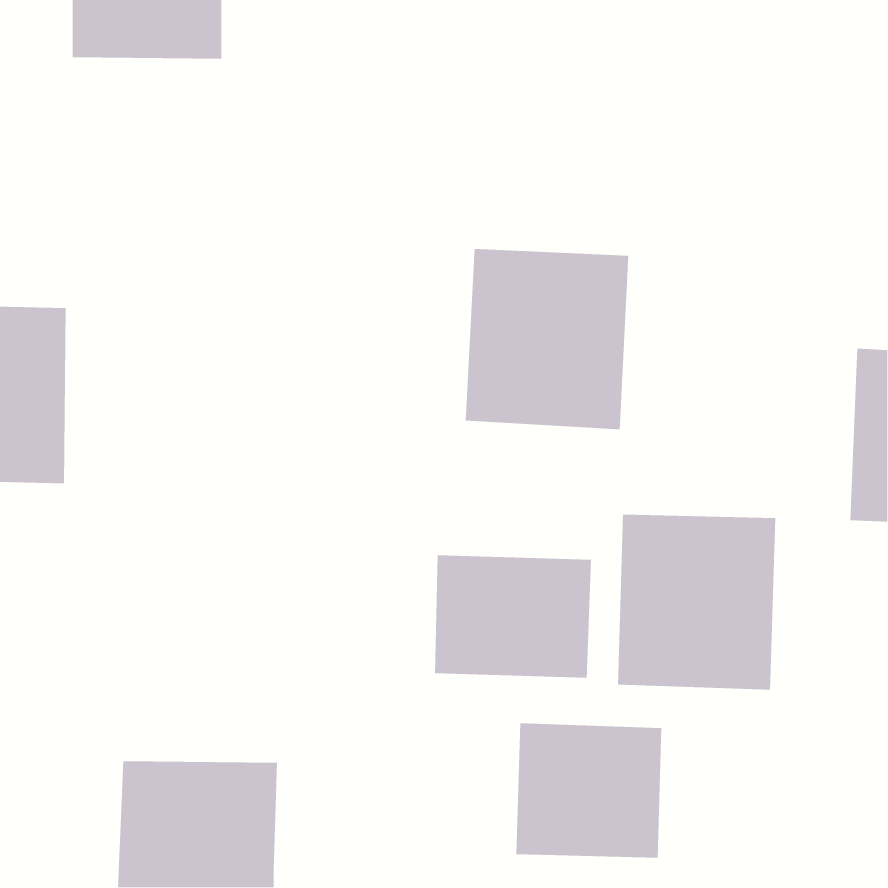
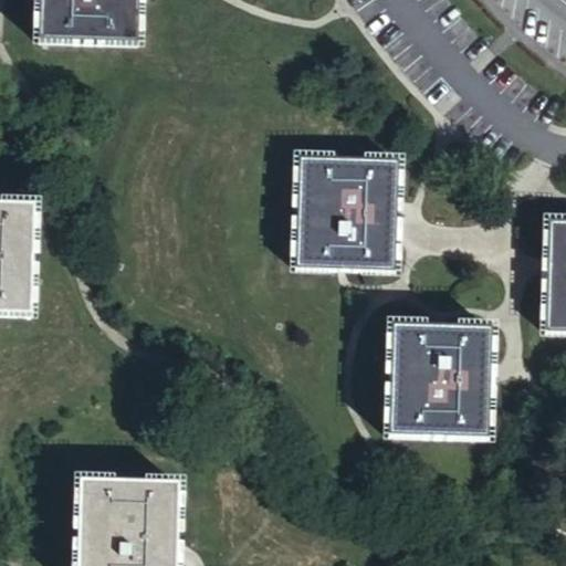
building: [434,554,592,678] -> none
building: [516,723,662,859] -> none

